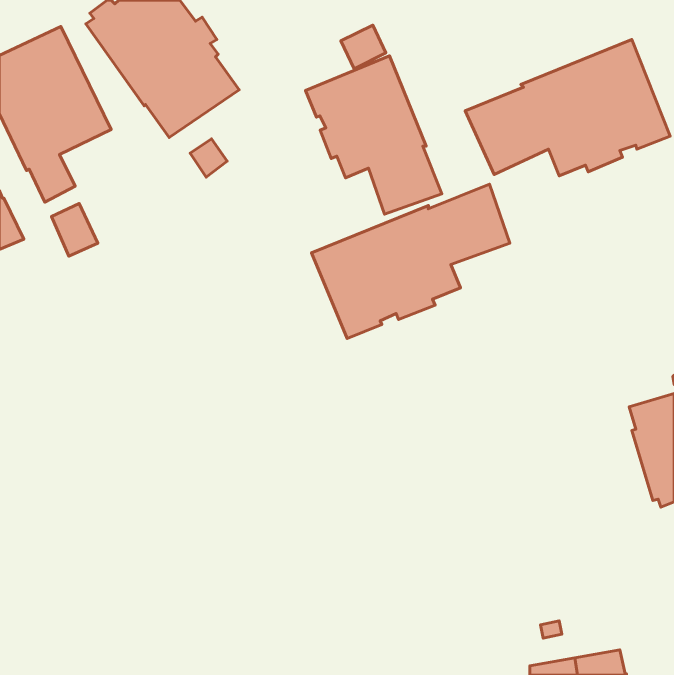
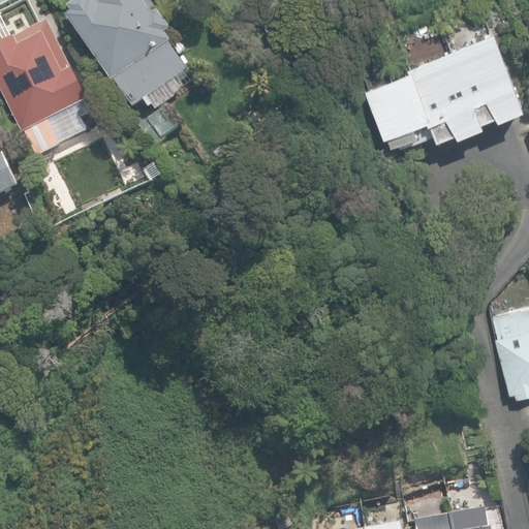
building: [306,56,442,214] -> none
building: [312,184,510,339] -> none

